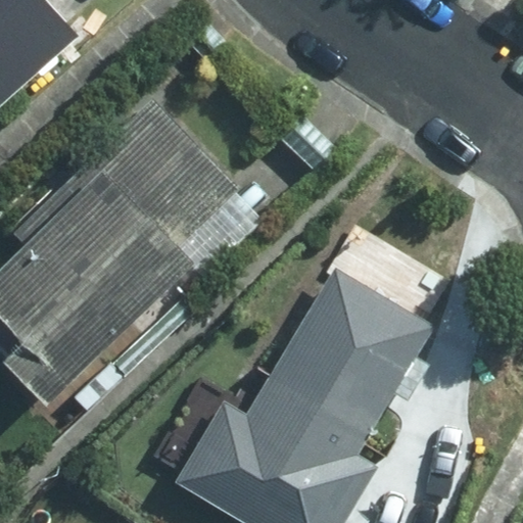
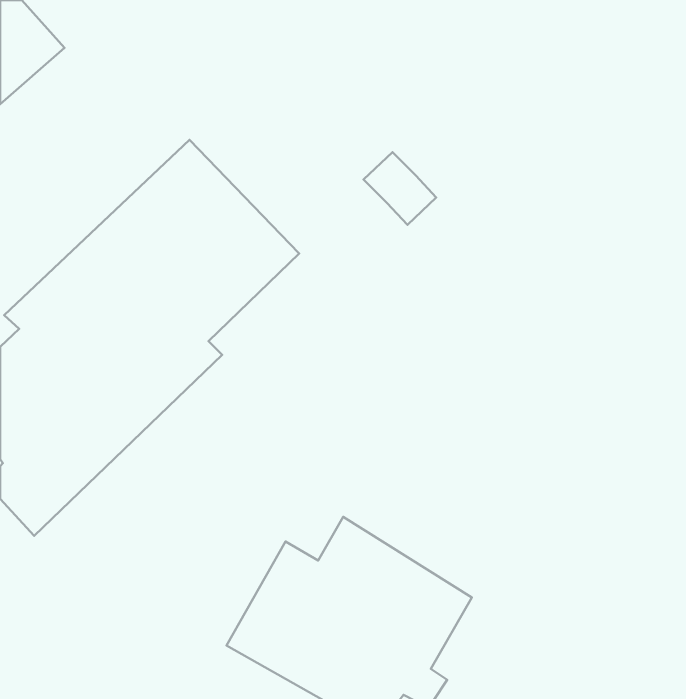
building: [267,271,432,446] -> none

